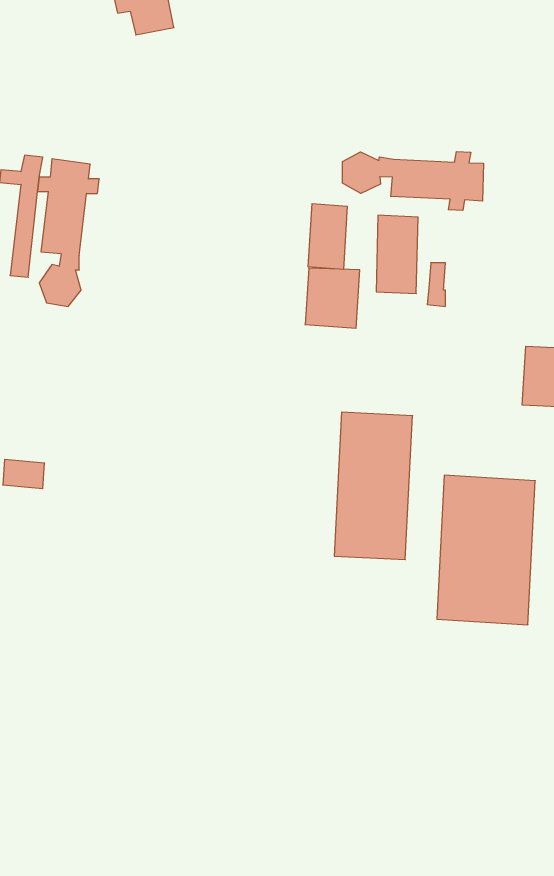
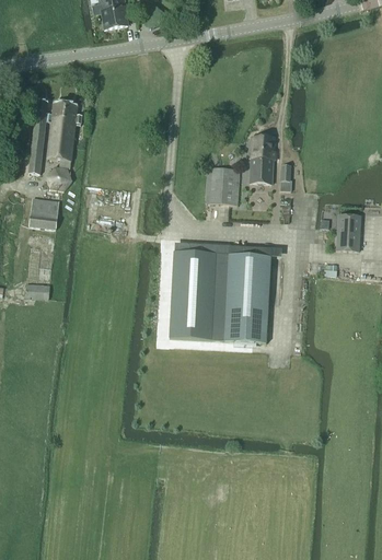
building: [343,152,483,210] -> none
building: [308,204,347,269] -> none
building: none -> [30,198,58,229]
building: [437,475,535,625] -> [169,250,228,340]

